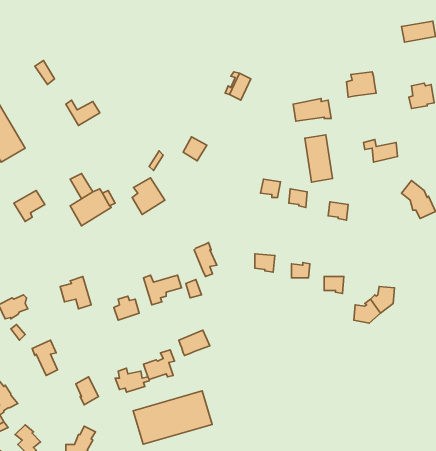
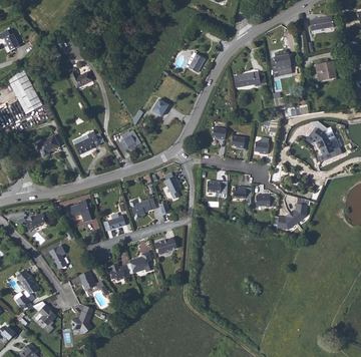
building: [305,135,333,182] -> none
building: [133,391,212,444] -> none

